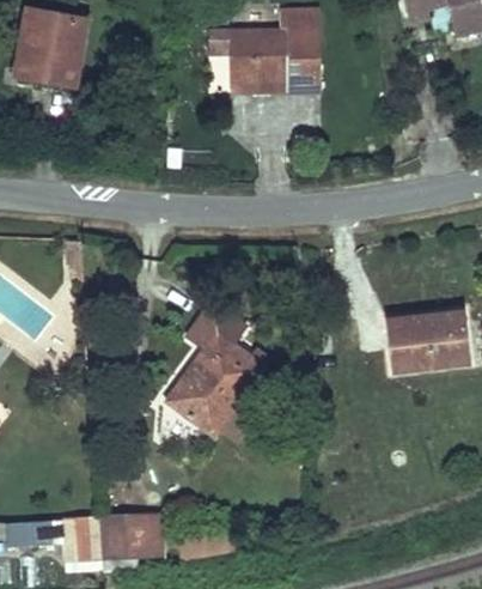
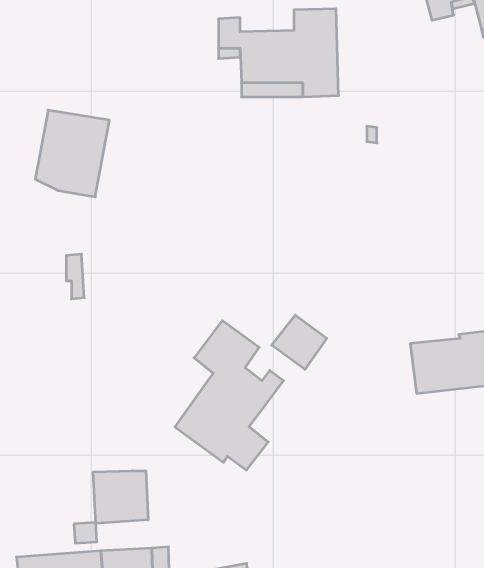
building: [17,8,86,90] -> [35,110,109,197]
building: none -> [272,315,327,369]
building: none -> [93,471,148,523]

